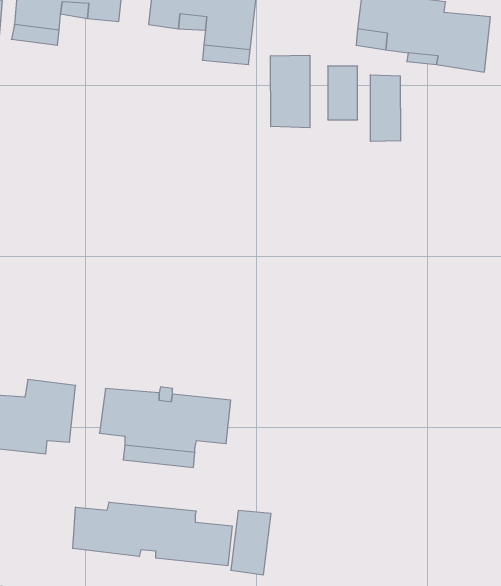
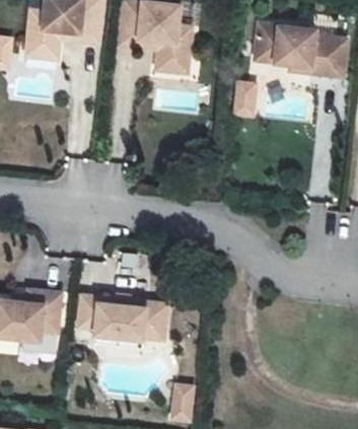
building: [271,55,310,128] -> none
building: [370,75,400,141] -> none
building: [73,502,232,566] -> none

